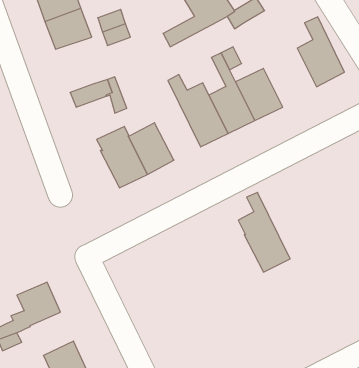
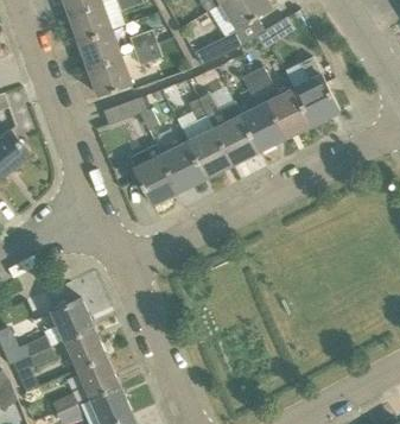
building: [297,17,344,87] -> [292,57,338,126]
building: none -> [88,57,133,96]
building: [238,192,290,272] -> [179,100,230,178]
building: none -> [63,328,106,371]

